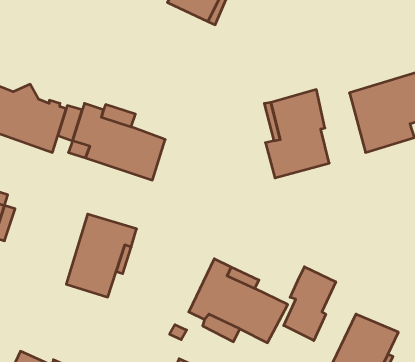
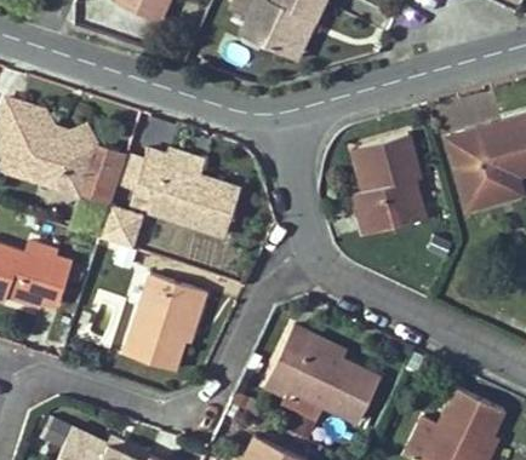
building: none -> [99,203,143,247]
building: [284,267,336,341] -> none

